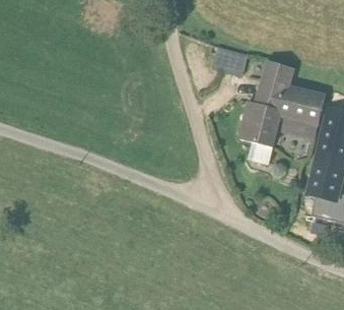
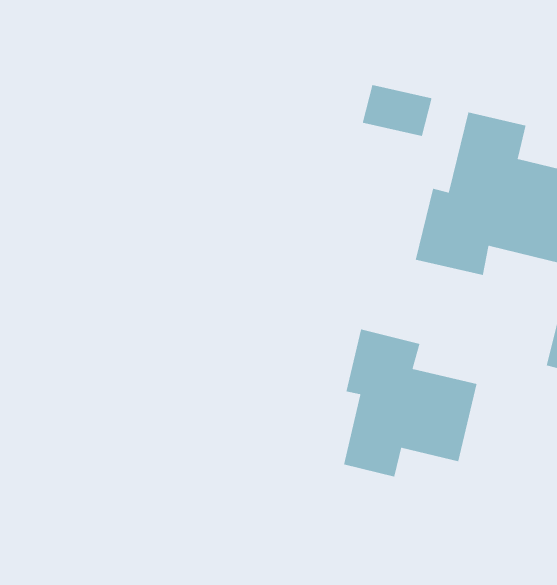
building: none -> [343,328,477,478]

